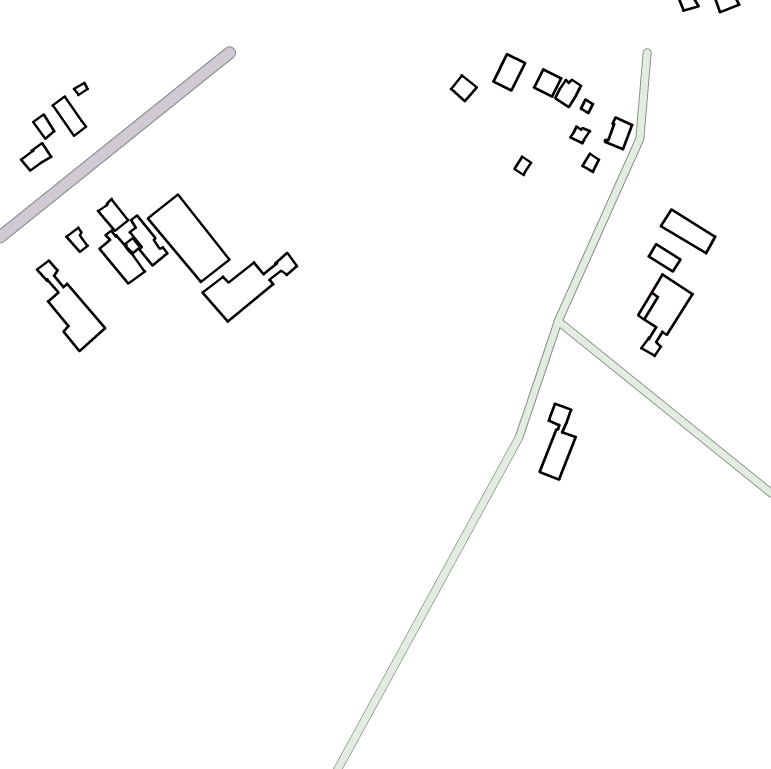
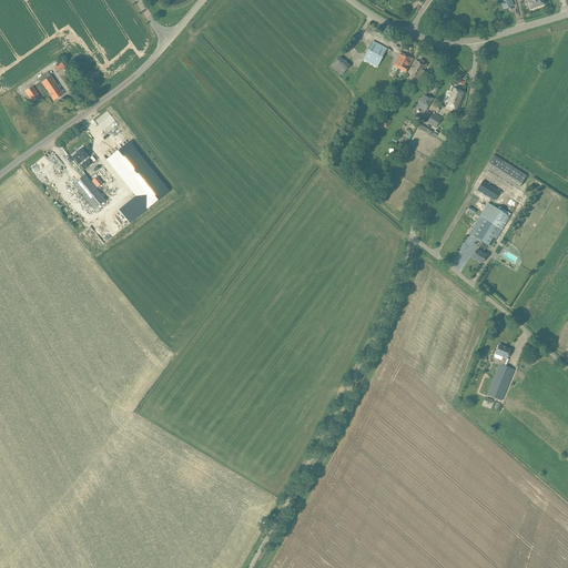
building: [203,253,297,322] -> none
building: [37,261,105,351] -> none
building: [540,404,576,479] -> [487,344,514,399]

